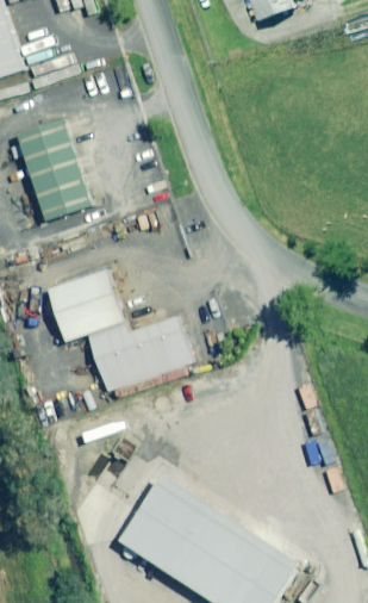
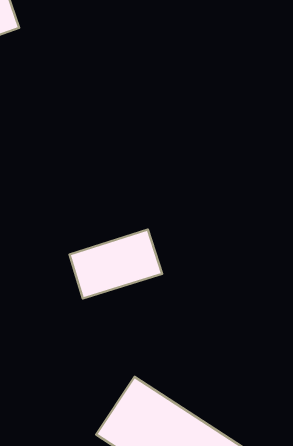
building: [14,117,89,222] -> none
building: [48,269,120,338] -> none

